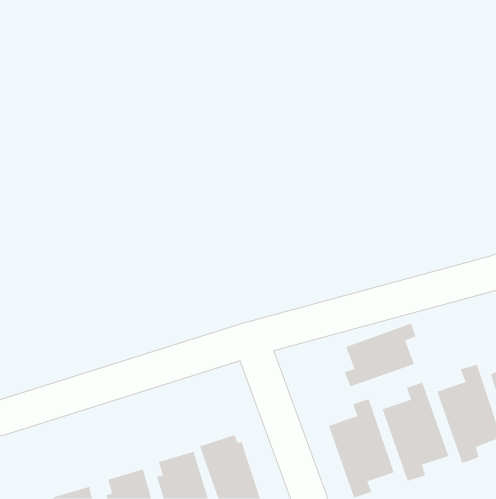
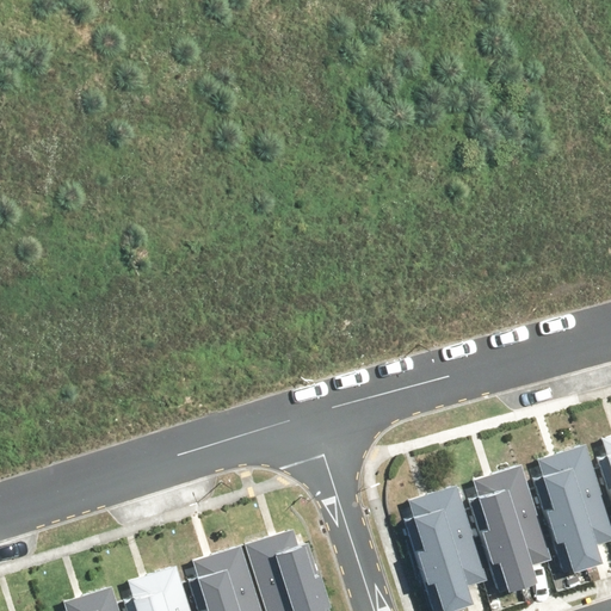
building: [344,323,416,387] -> none

